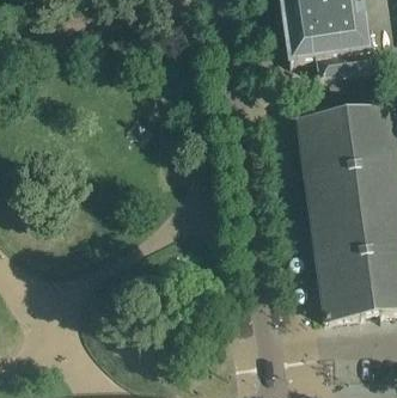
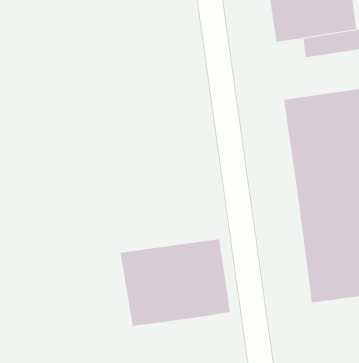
building: none -> [120,238,230,328]

